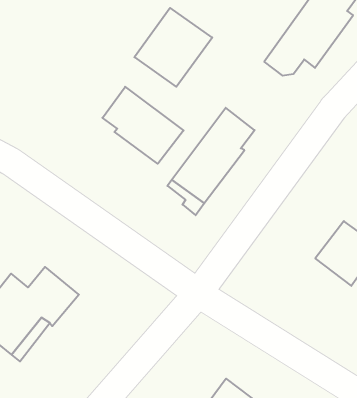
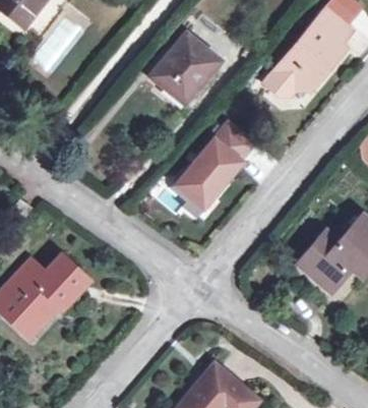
building: [102,87,184,164] -> none

